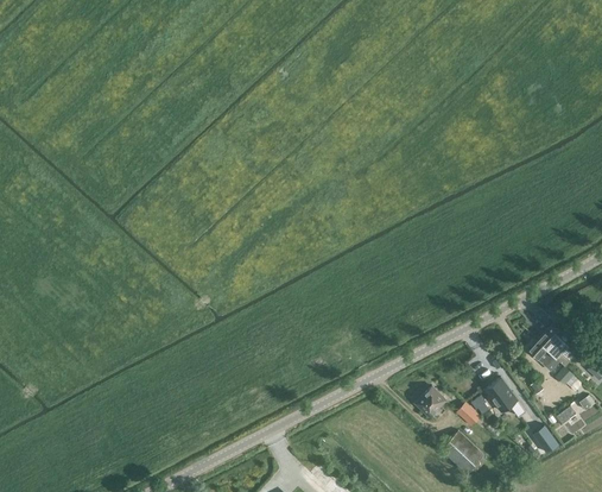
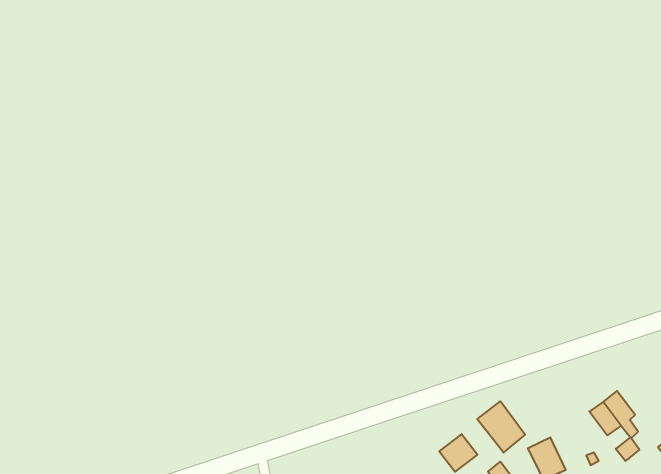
building: none -> [477,401,525,453]

